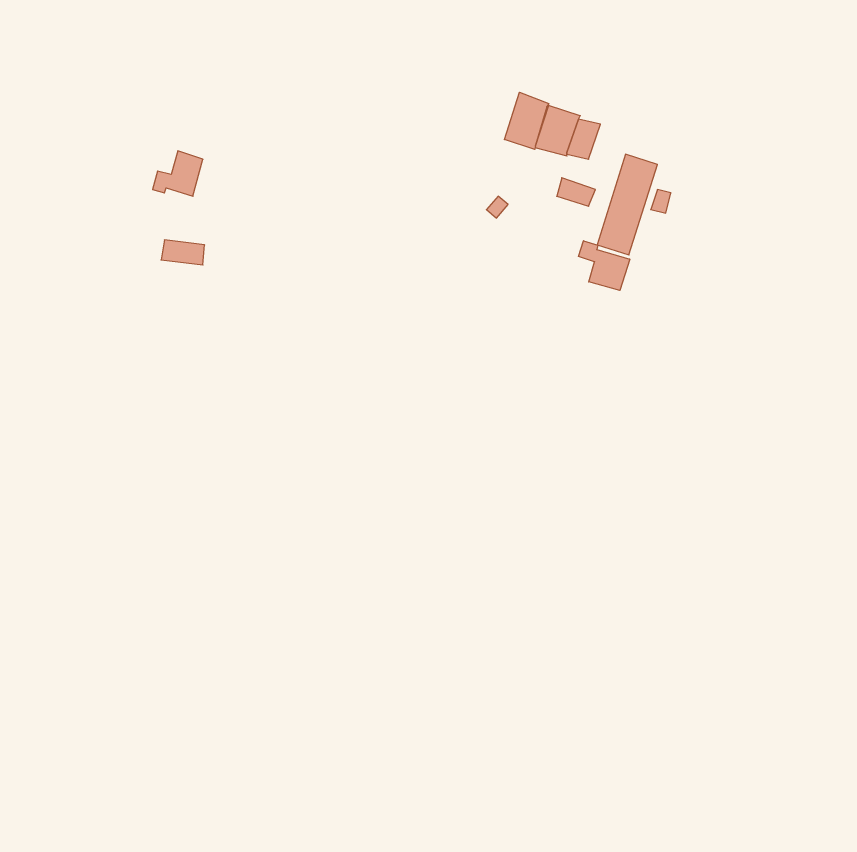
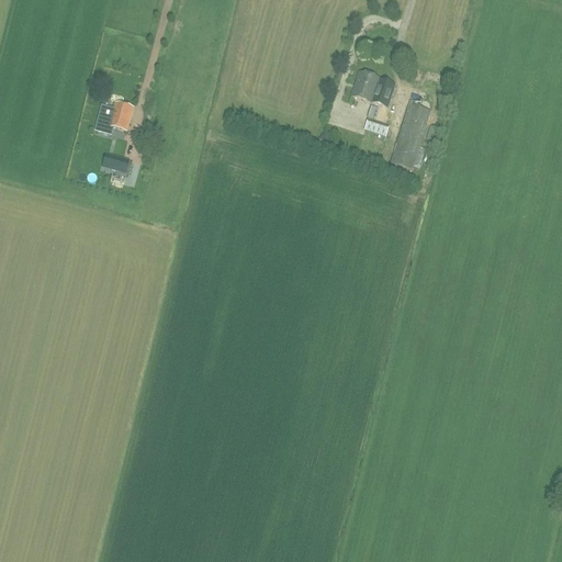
building: [504,92,549,149] -> none
building: [579,241,630,290] -> none

